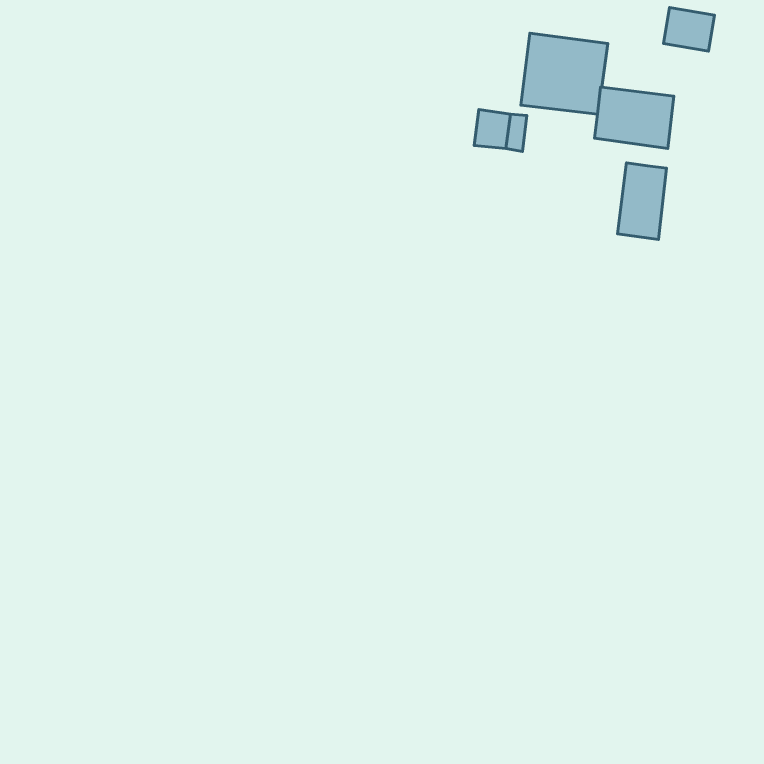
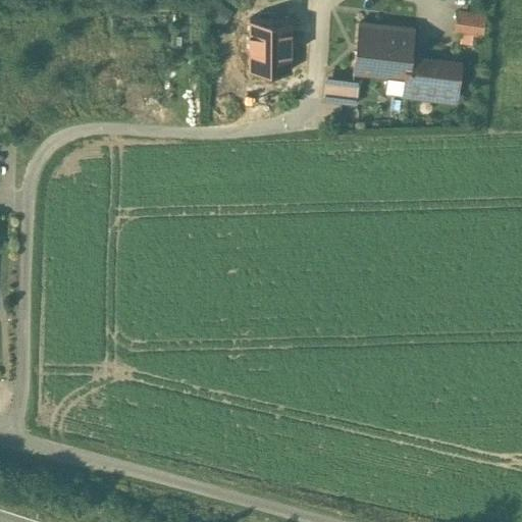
building: none -> [252,20,292,70]
building: [618,163,666,239] -> none

